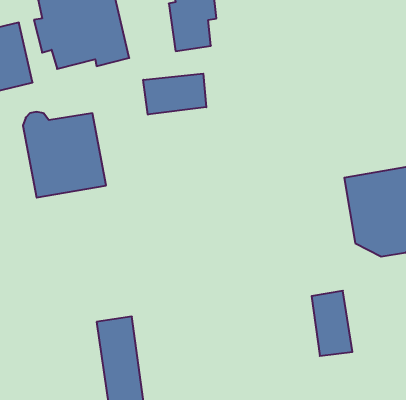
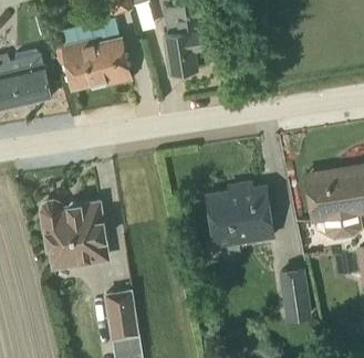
building: [143,74,206,115] -> none
building: [23,112,106,198] -> [41,201,108,271]
building: none -> [208,185,273,250]

